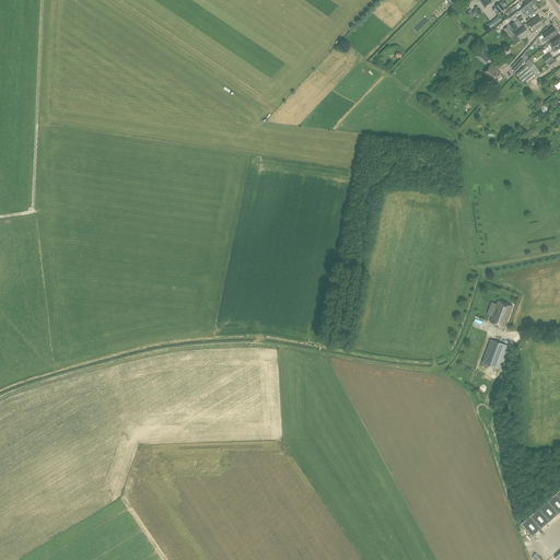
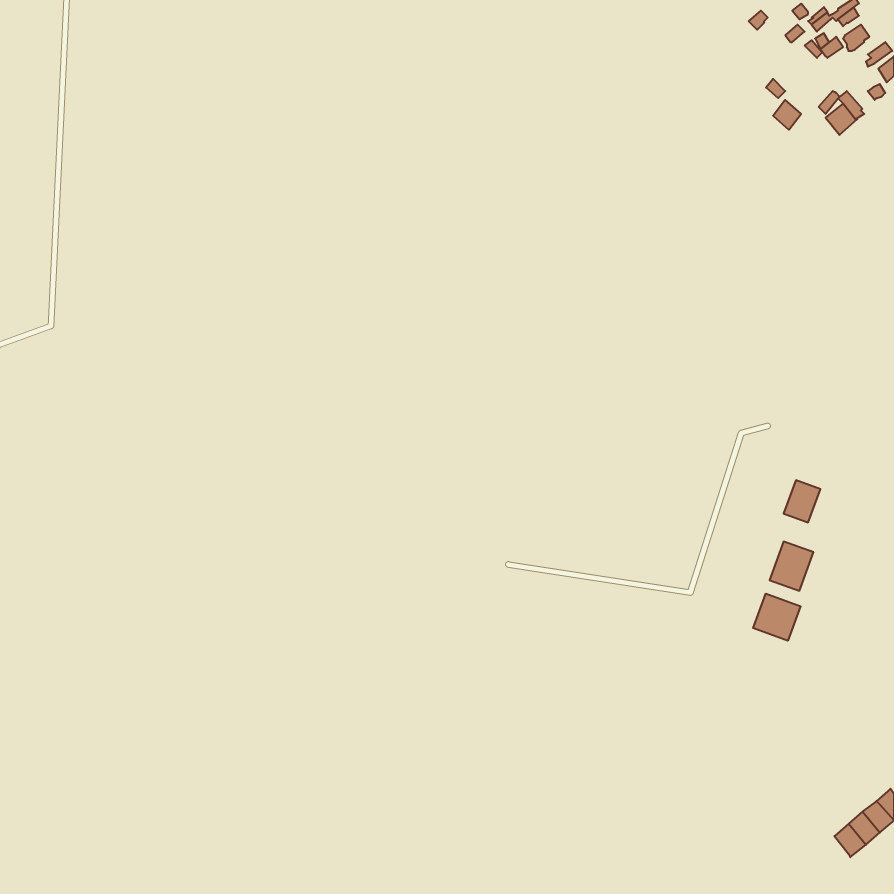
building: none -> [753,594,801,641]

